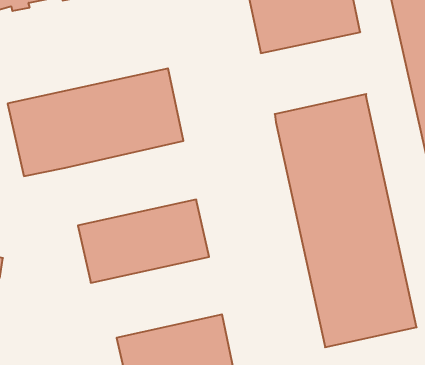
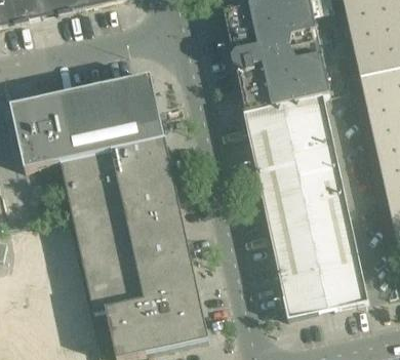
building: none -> [233,43,331,115]
building: none -> [62,138,176,212]
building: none -> [84,240,199,313]

